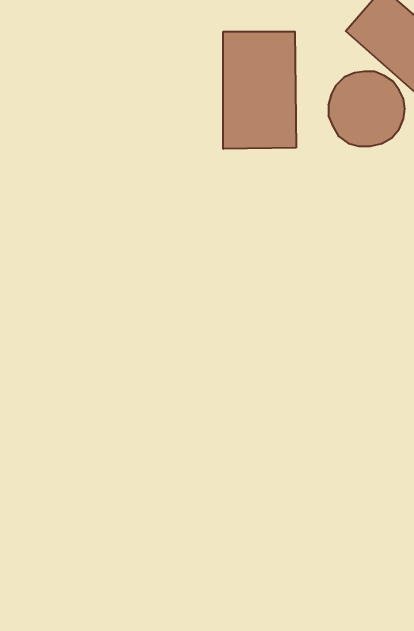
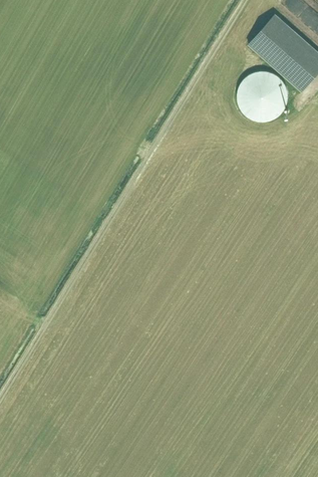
building: [223,32,296,149] -> none

